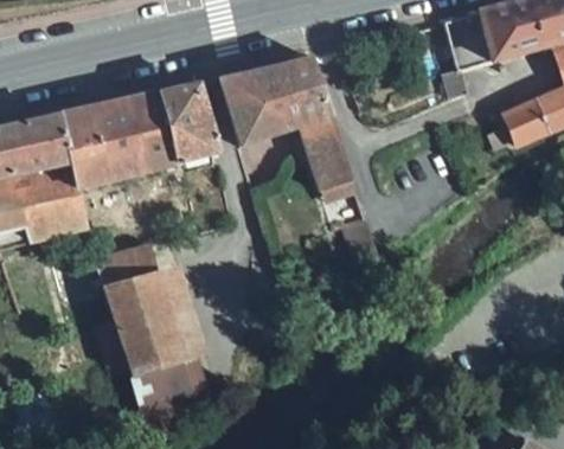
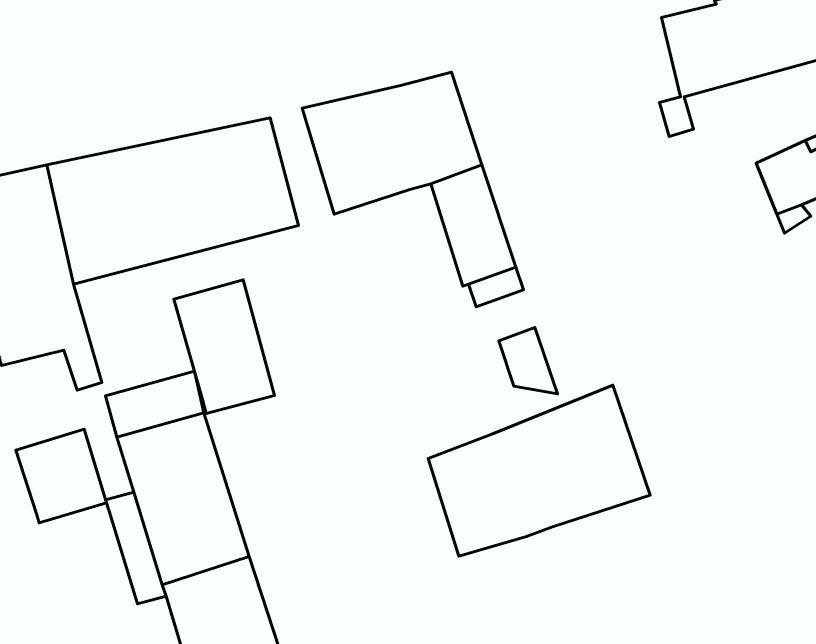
building: none -> [174,280,275,414]
building: none -> [428,385,650,556]
building: none -> [16,429,106,523]

